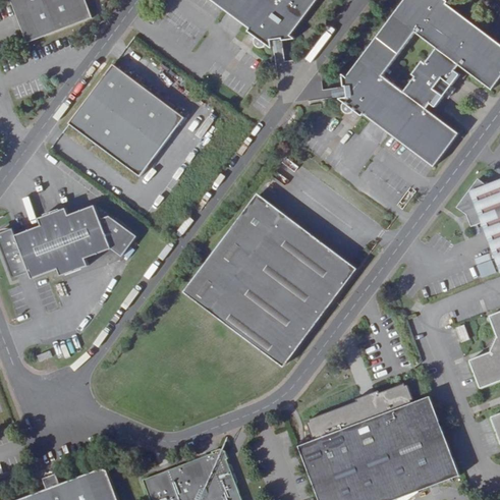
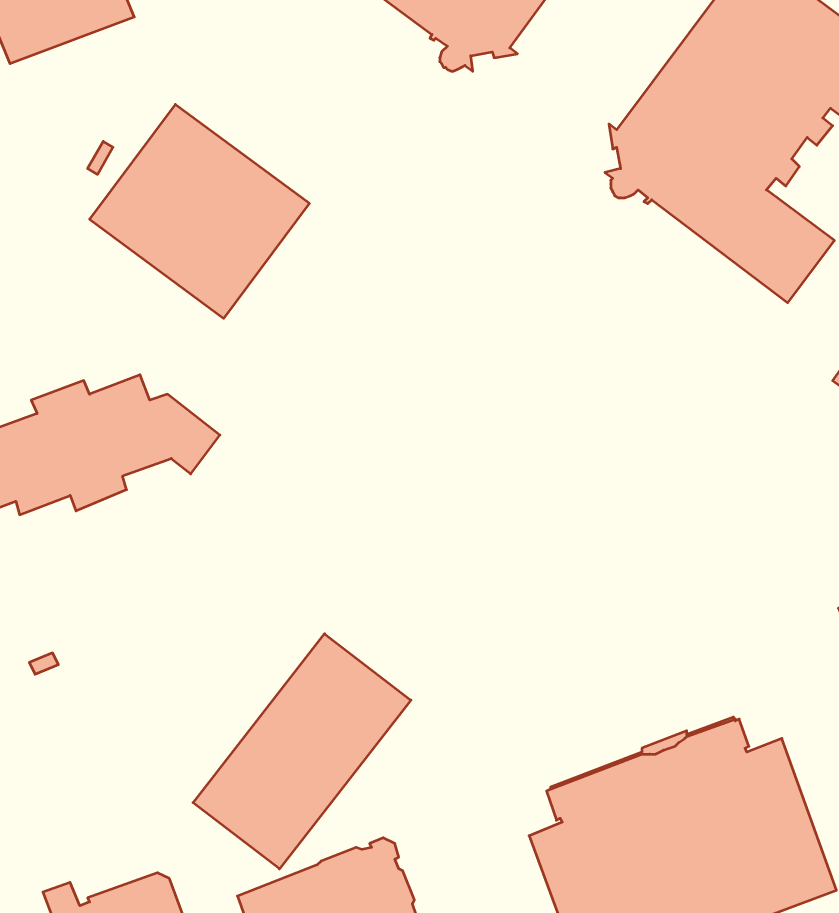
building: [183,193,356,365] -> none
building: none -> [193,634,411,869]

